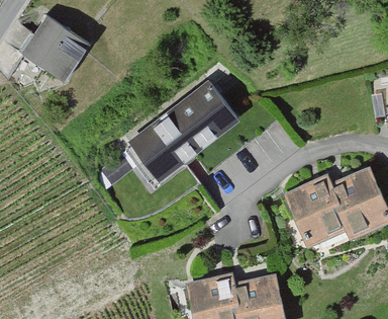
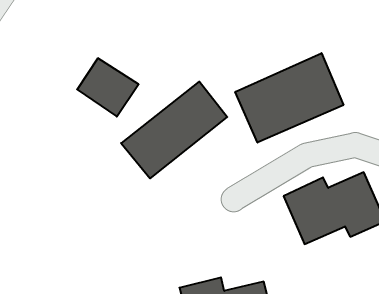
building: [26,18,86,75] -> [77,58,139,117]
building: none -> [235,53,343,143]

